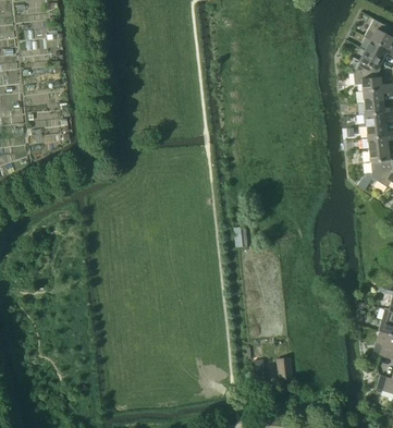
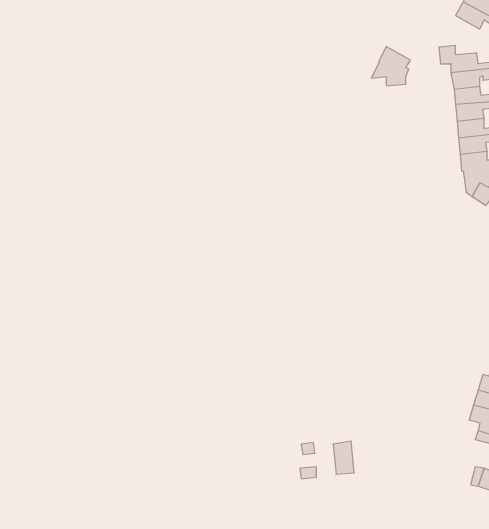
building: [355,51,383,80] -> [371,46,410,86]

